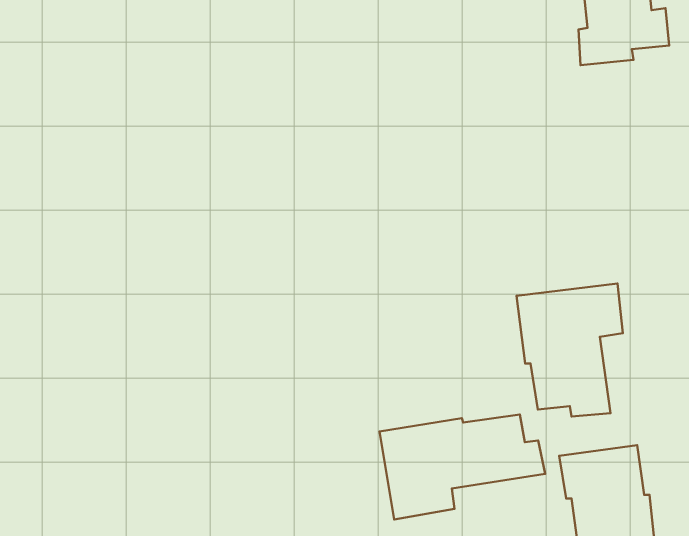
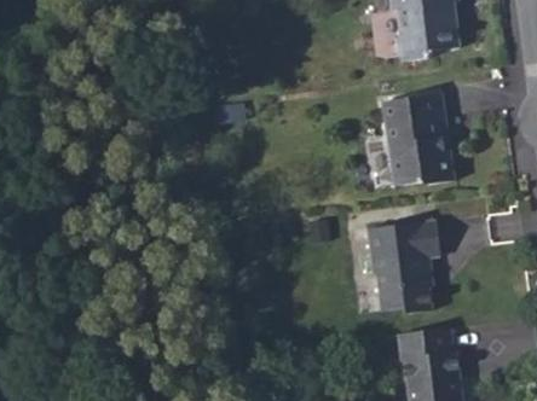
building: none -> [382,94,450,184]
building: [379,414,545,519] -> none

